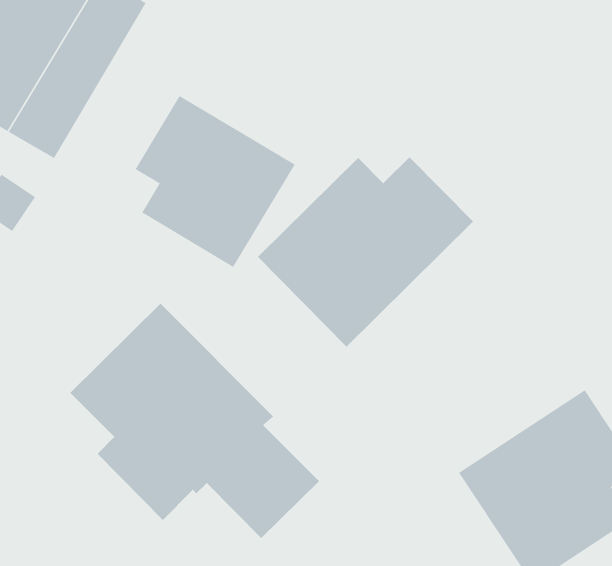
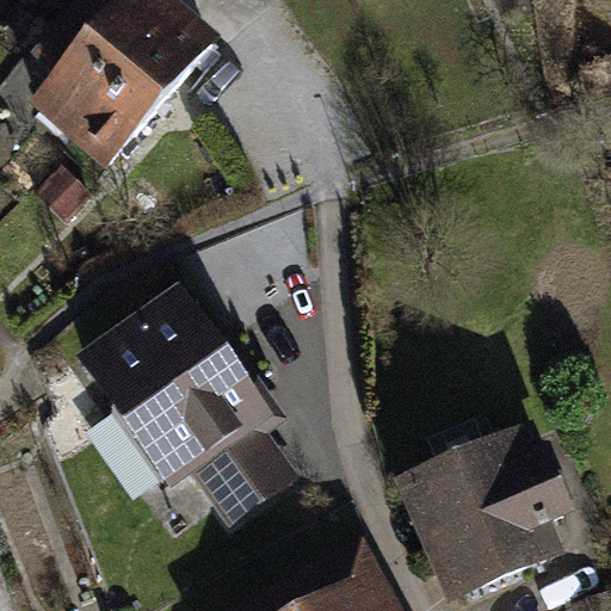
building: [135,95,295,268] -> none
building: [257,156,474,347] -> none

